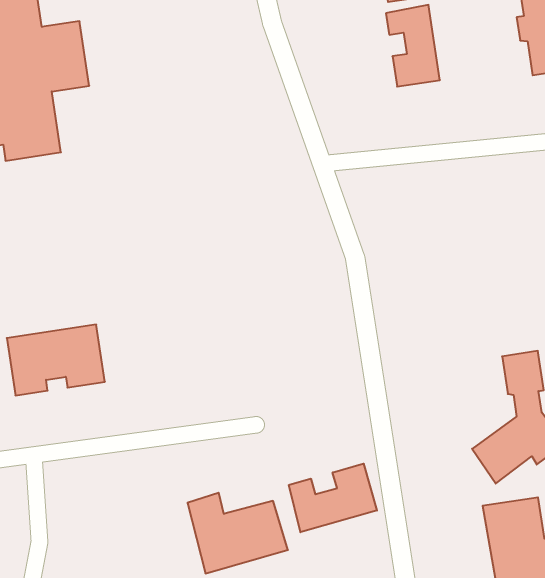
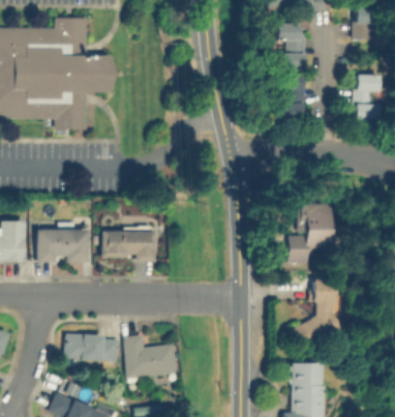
building: none -> [291,204,335,263]
building: none -> [102,230,157,260]
building: [289,464,377,532] -> none
building: none -> [64,331,120,366]

